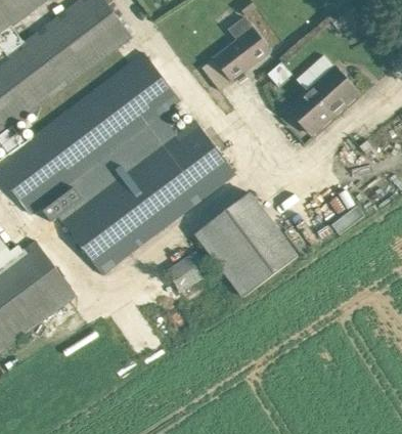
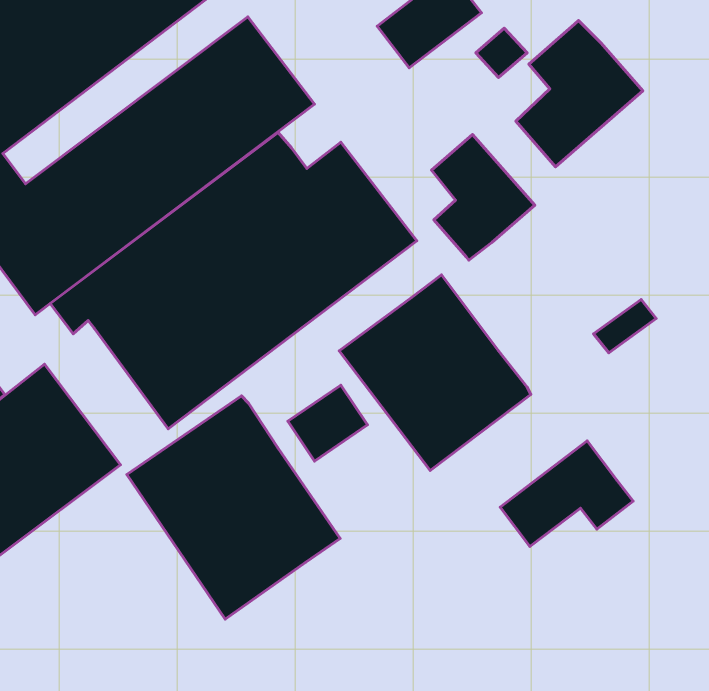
building: none -> [431,134,535,260]
building: none -> [127,396,340,619]
building: none -> [500,441,633,547]

